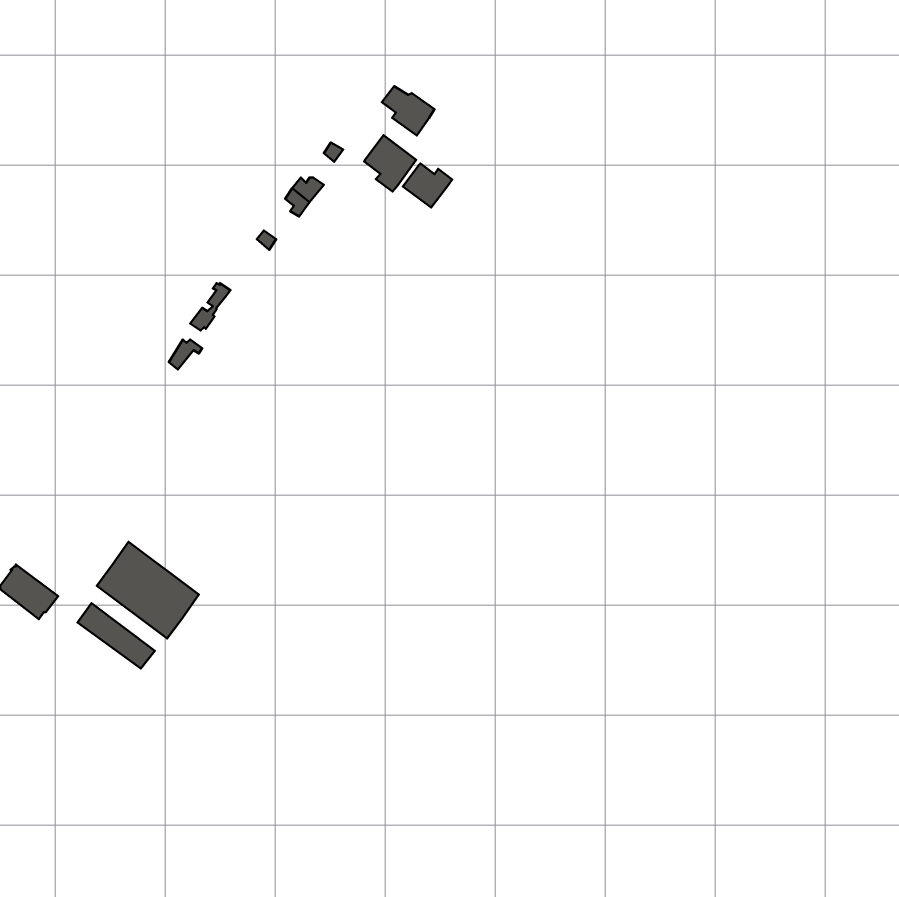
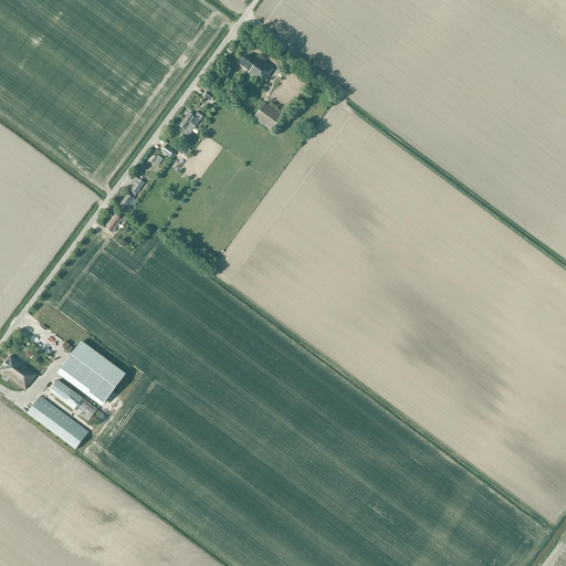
building: [364,135,416,192] -> none
building: none -> [27,395,88,450]

